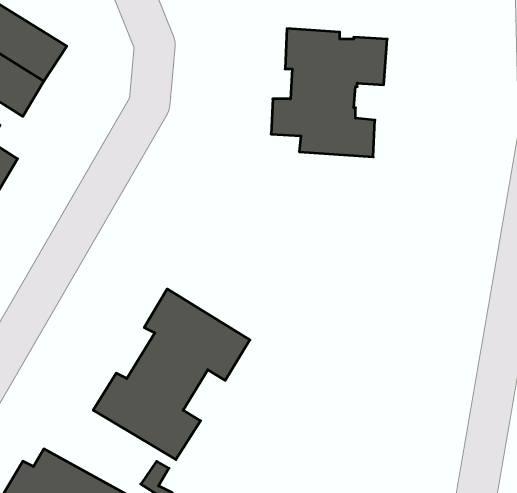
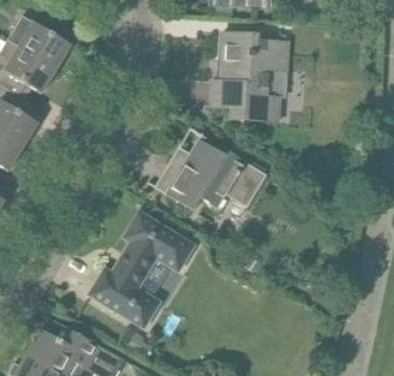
building: none -> [154,137,267,210]

